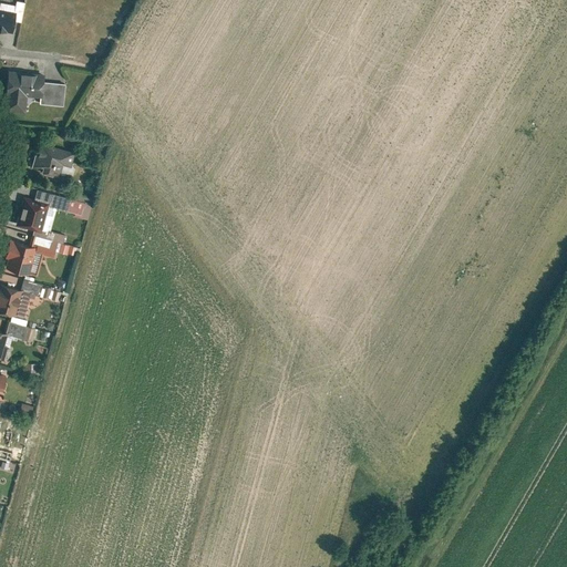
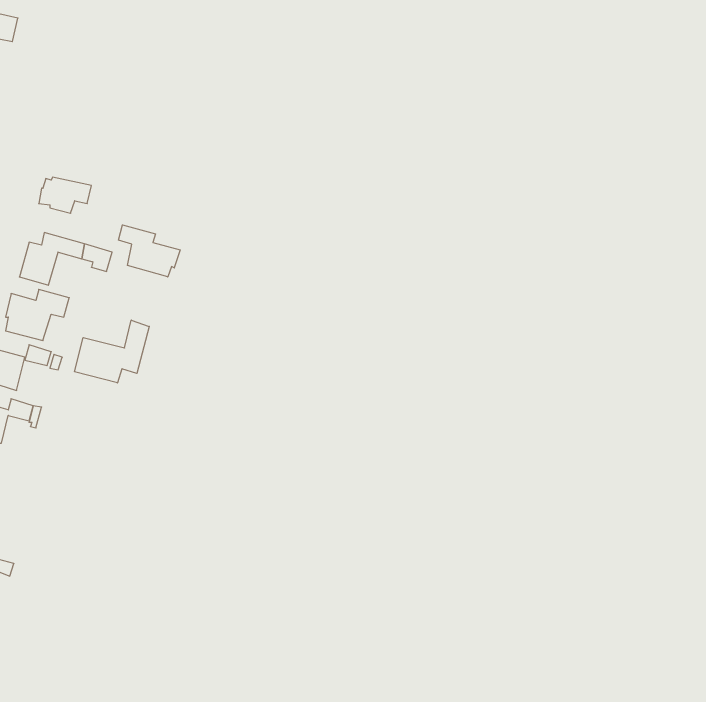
building: [4,73,62,115] -> none
building: none -> [119,225,180,277]
building: none -> [75,320,149,383]

